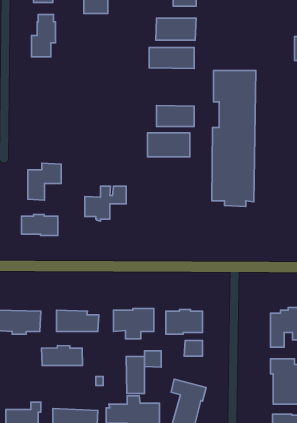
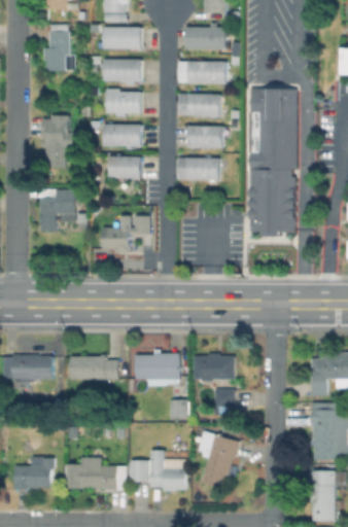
building: none -> [102,27,143,51]
building: none -> [103,59,145,83]
building: none -> [104,91,143,115]
building: none -> [175,93,222,117]
building: none -> [38,115,71,168]
building: none -> [102,124,143,148]
building: none -> [106,155,143,182]
building: [22,215,58,236] -> none
building: [42,345,82,366] -> none
building: [126,356,144,393] -> none

